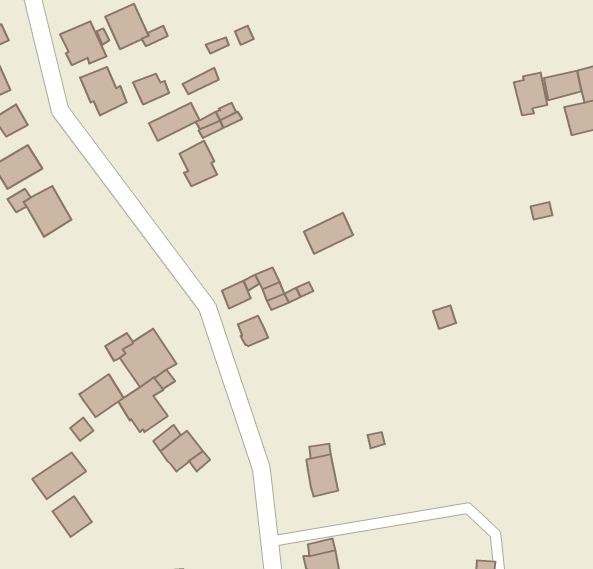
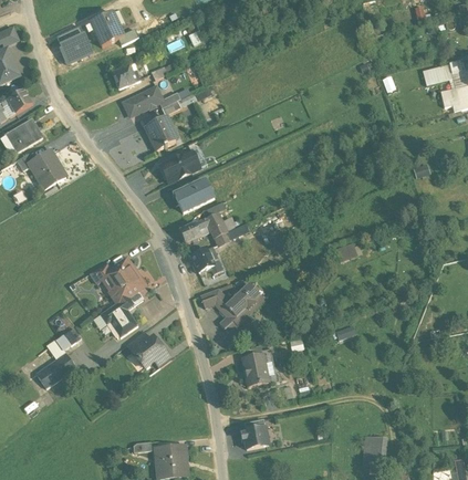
building: [80,67,127,116] -> none
building: [514,72,547,115] -> none
building: none -> [160,149,198,180]
building: [304,213,353,254] -> [175,179,212,210]
building: none -> [199,282,263,334]
building: [79,374,124,417] -> none
building: [52,496,92,537] -> none

